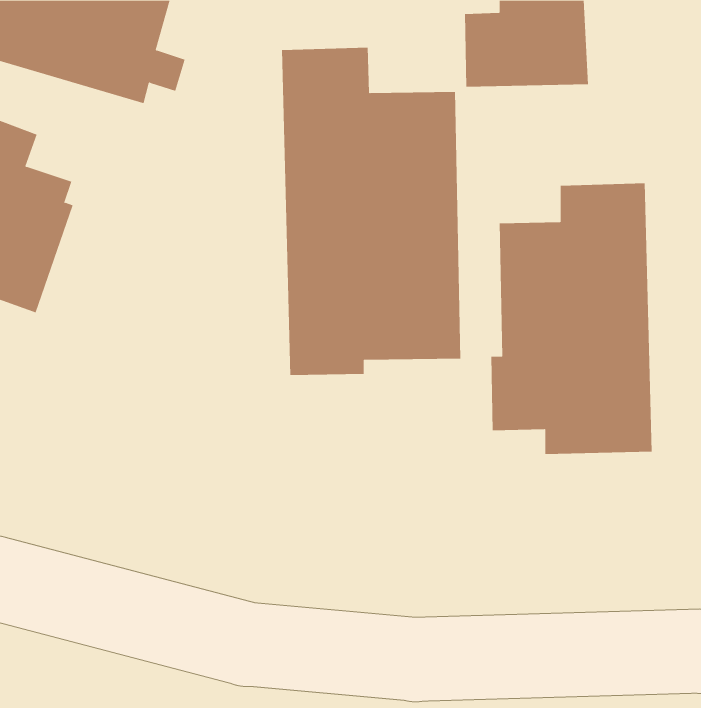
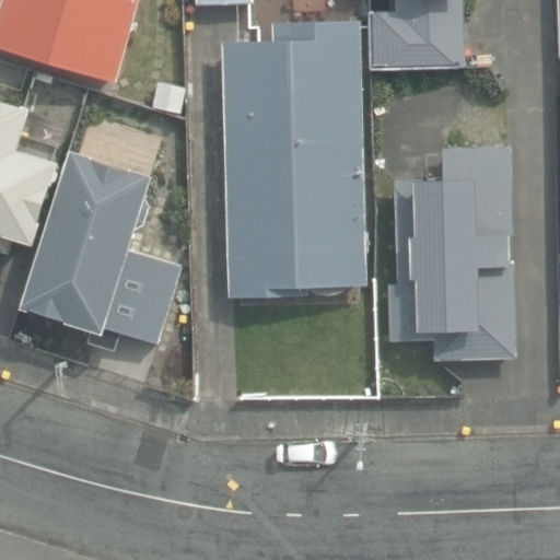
building: none -> [21,147,177,347]

